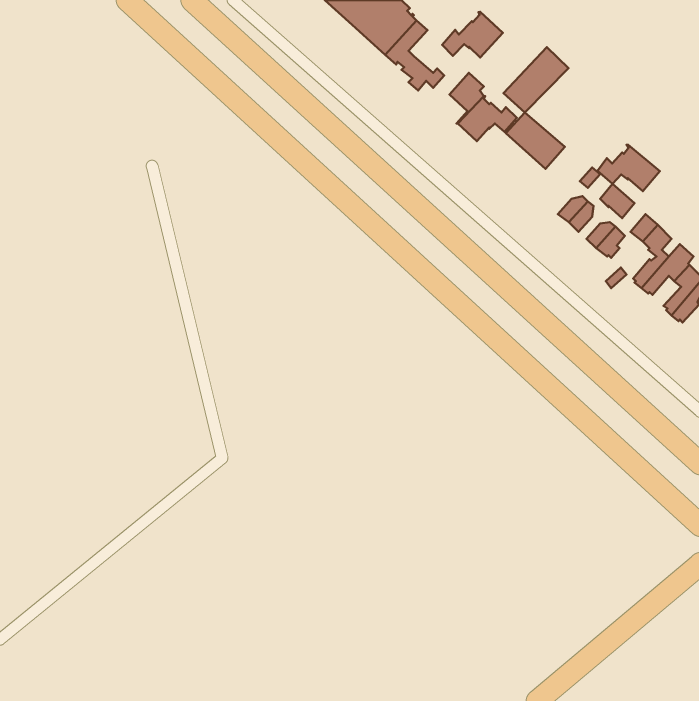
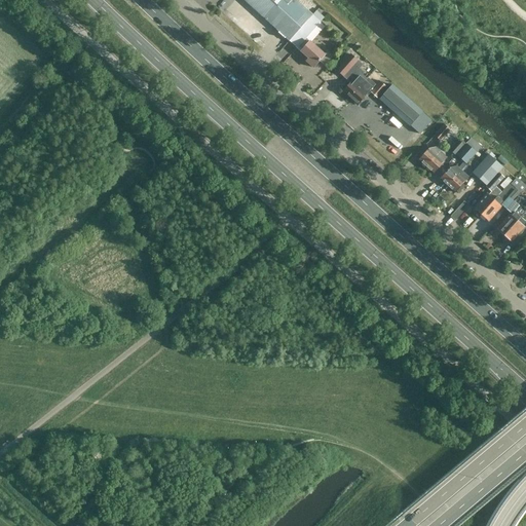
building: [442,12,503,58] -> none
building: [504,47,568,112] -> none
building: [597,145,660,191] -> none

